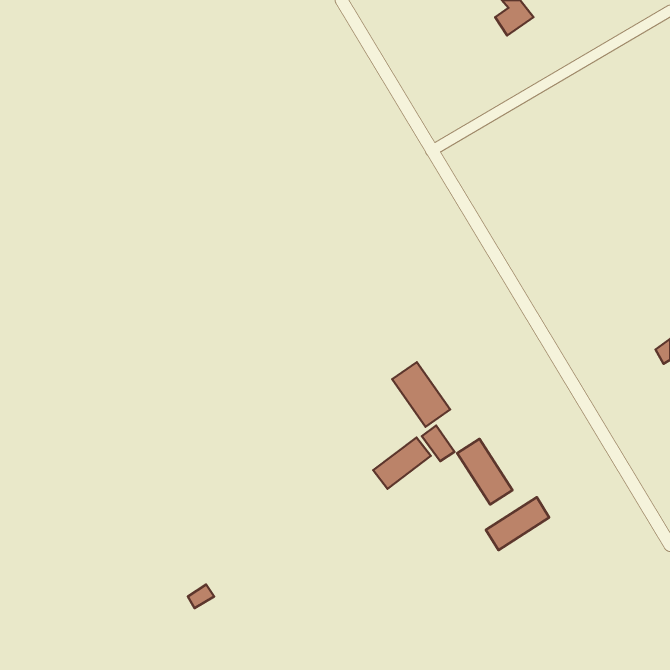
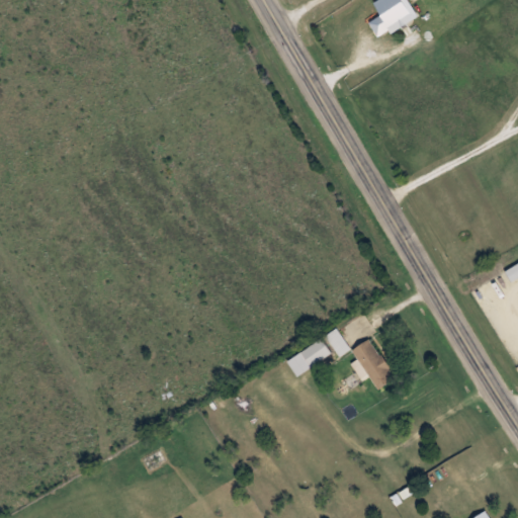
building: [392,362,450,427] -> none
building: [486,497,549,550] -> none

